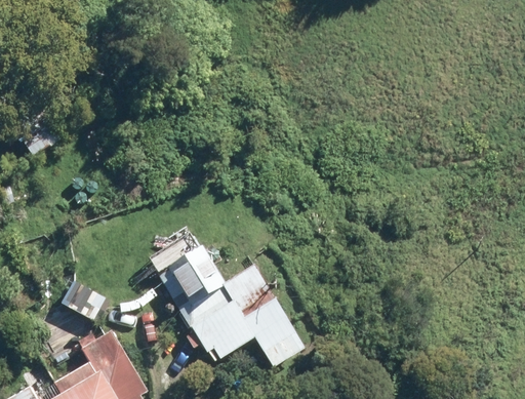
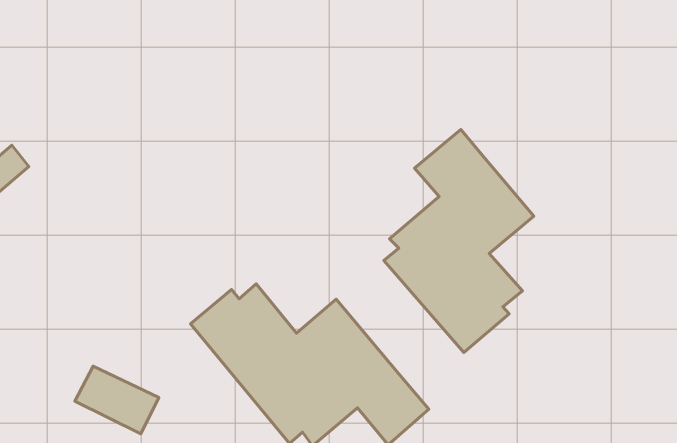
building: none -> [384,130,534,353]

